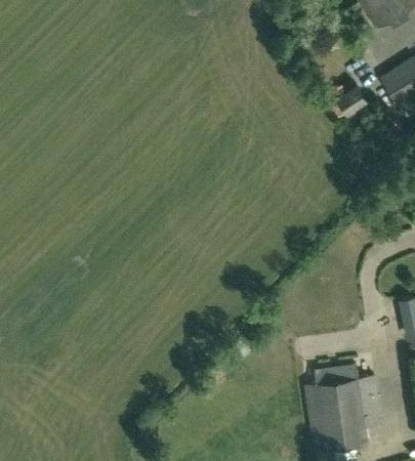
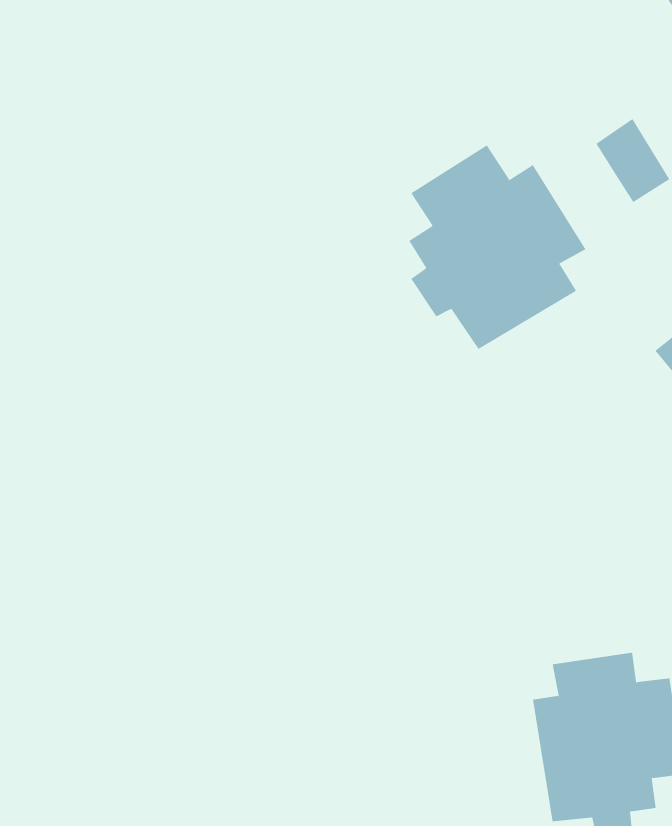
building: none -> [409,145,586,350]

